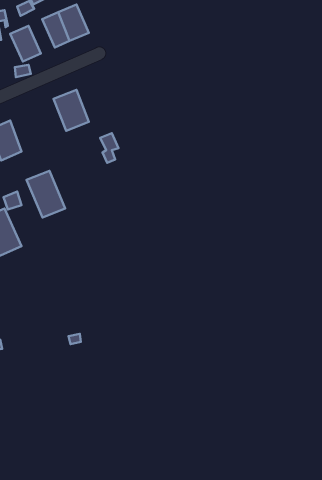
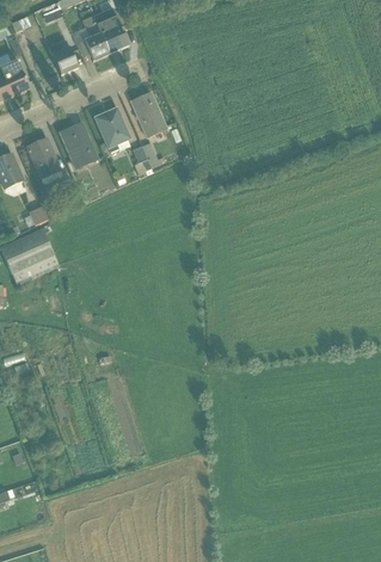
building: none -> [130,91,167,136]
building: [27,171,65,218] -> [59,119,99,168]

